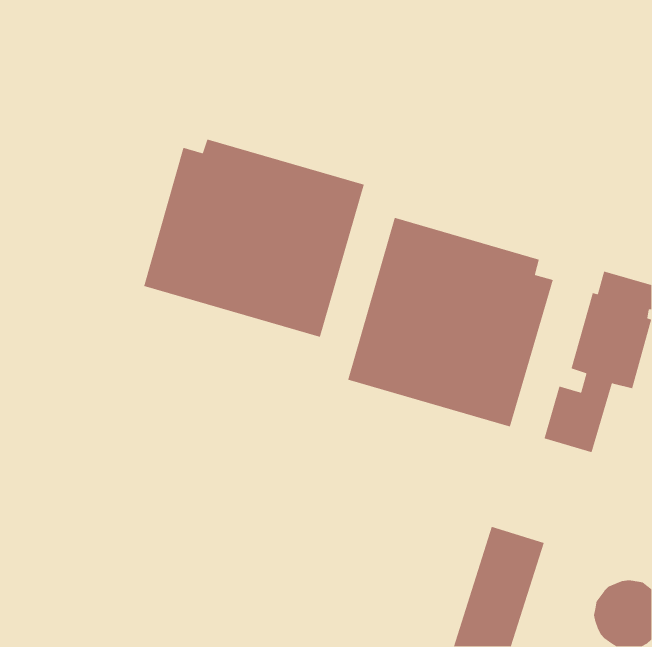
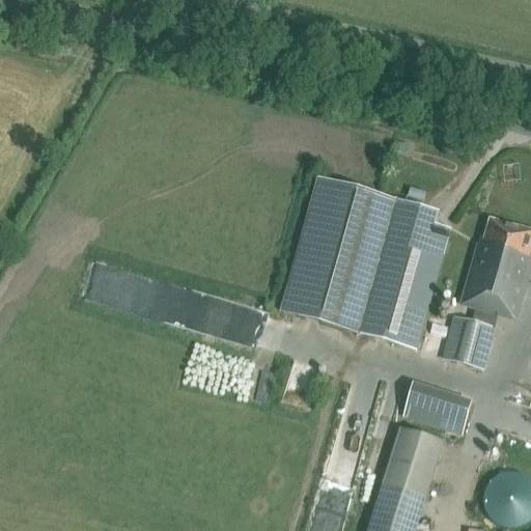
building: [143,139,365,338] -> none
building: none -> [401,384,469,431]

